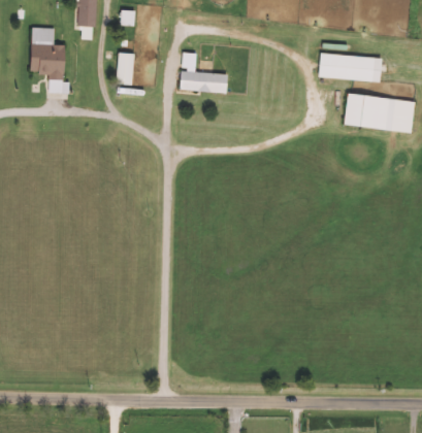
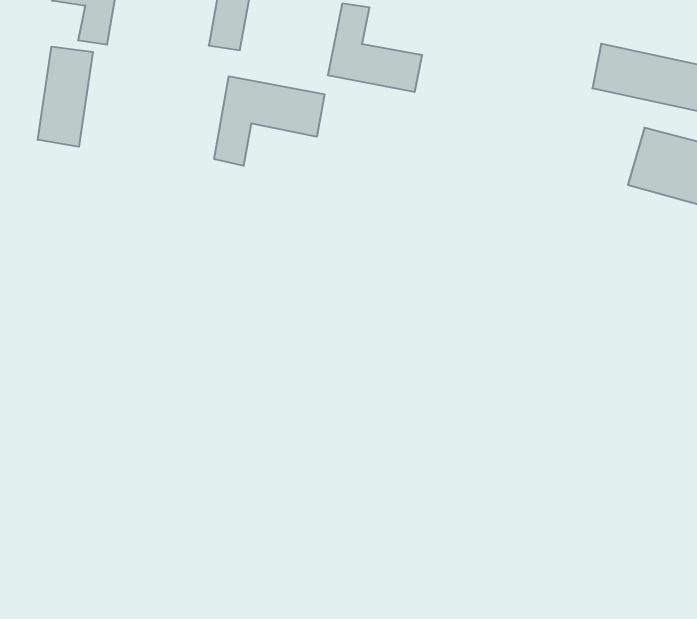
building: none -> [38,47,93,147]
building: none -> [214,76,324,166]

